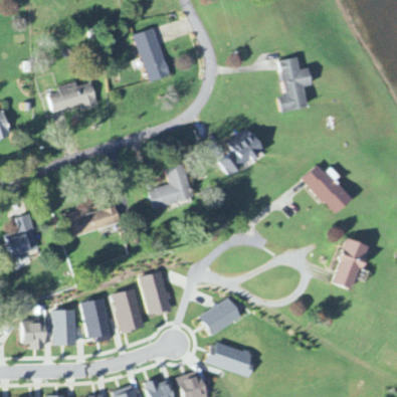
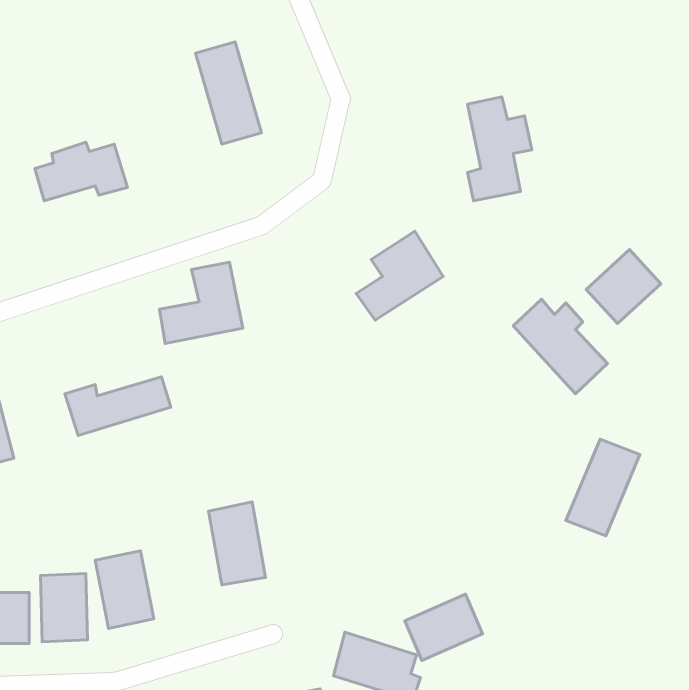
building: none -> [586,249,661,324]
building: [148,164,192,207] -> [160,262,243,343]
building: [114,289,142,332] -> none
building: [200,299,241,334] -> [405,594,482,660]

